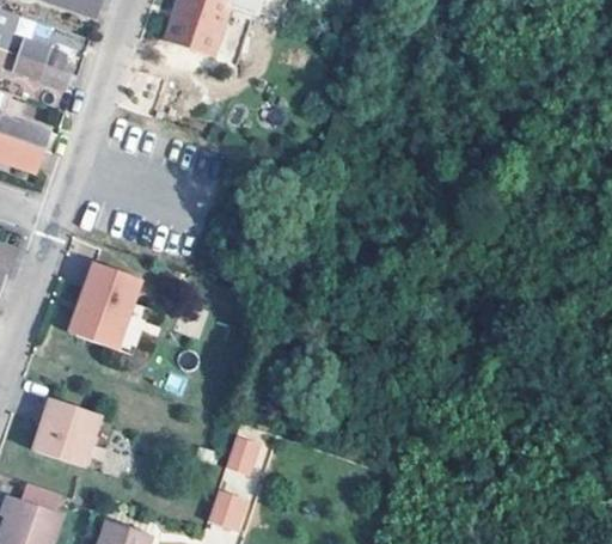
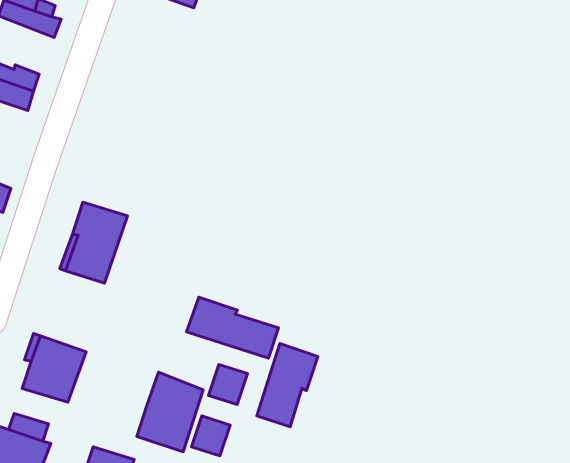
building: none -> [187,297,279,358]
building: none -> [257,343,318,427]
building: none -> [137,372,203,452]

